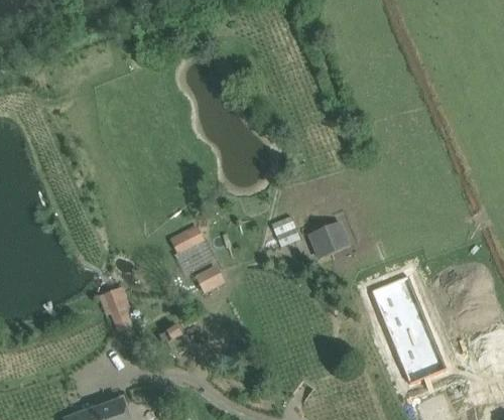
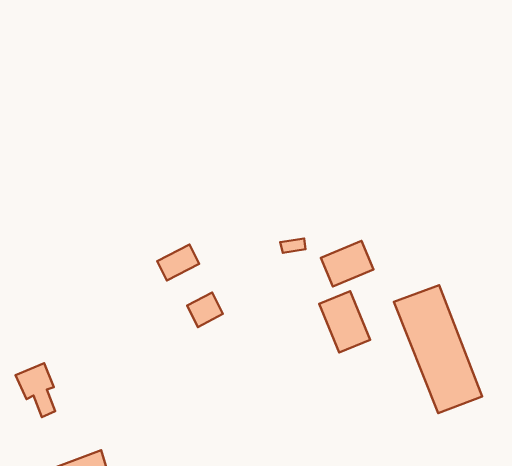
building: none -> [319,291,370,353]
building: [97,288,130,333] -> [16,363,55,417]

